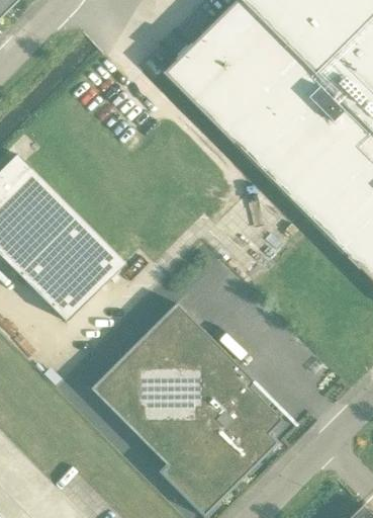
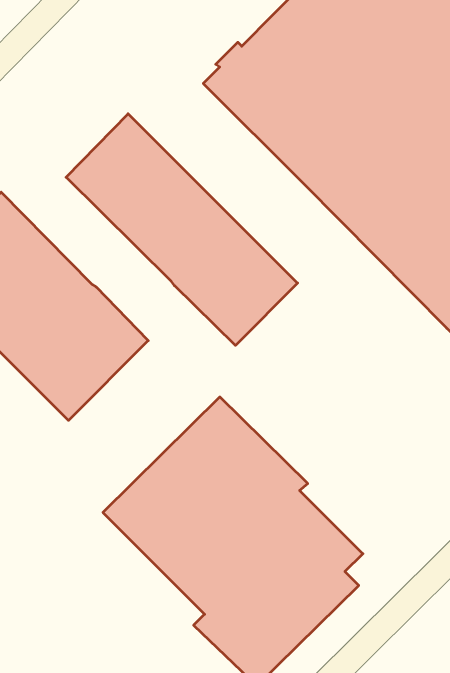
building: none -> [66,114,298,345]

